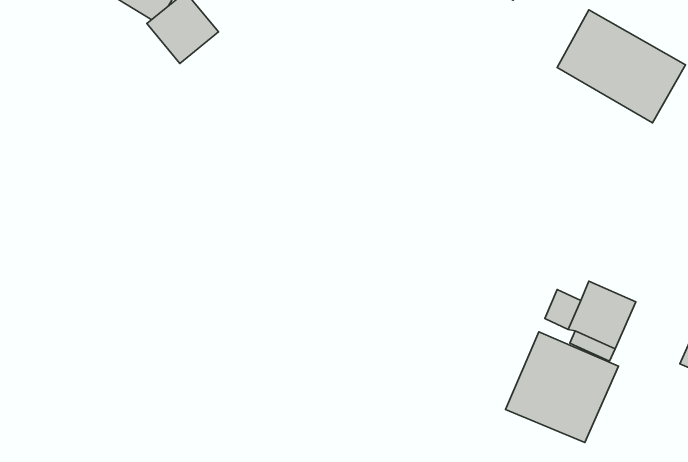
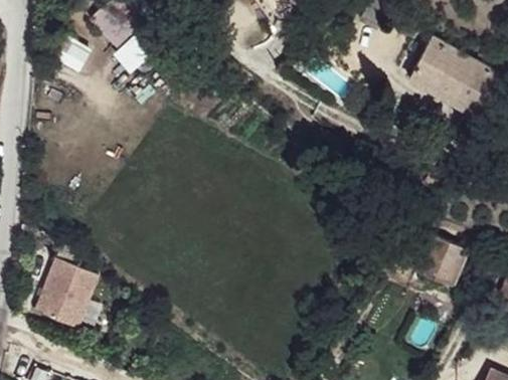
building: none -> [35,256,103,328]
building: [506,332,619,443] -> none

